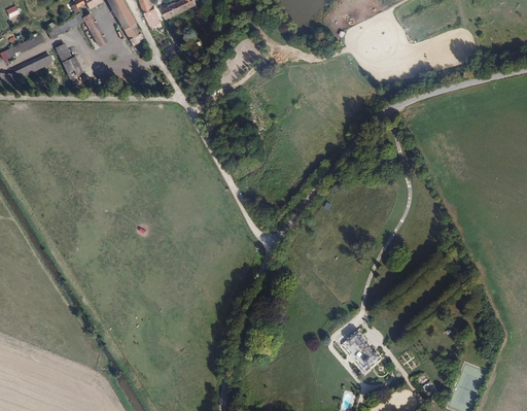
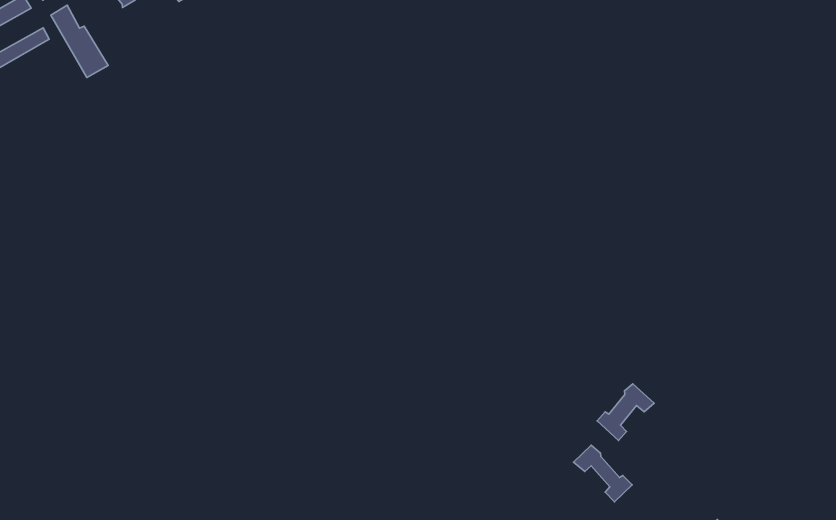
building: none -> [597,384,654,440]

